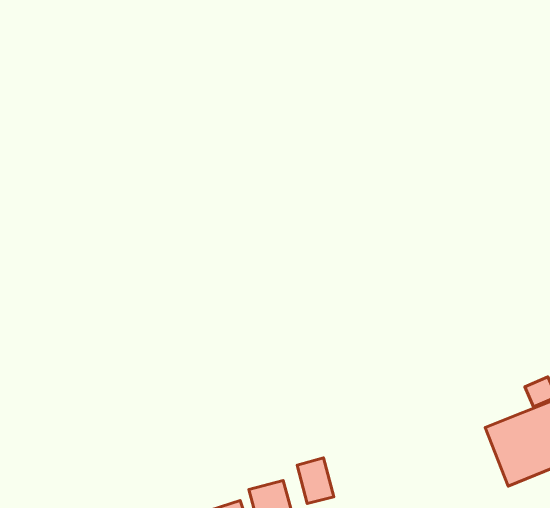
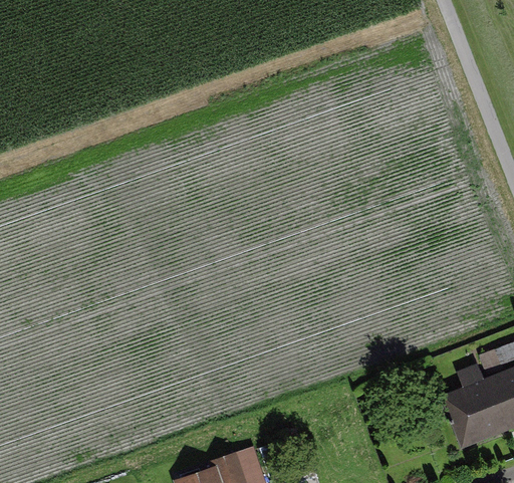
building: [297,458,334,503] -> none

